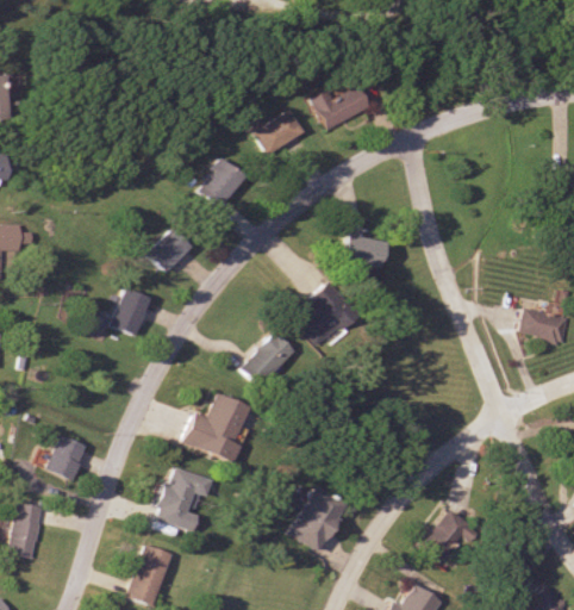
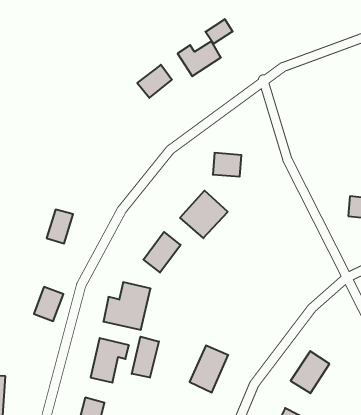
building: none -> [205,19,233,44]
building: [199,155,244,206] -> none
building: [150,230,193,273] -> none
building: [48,435,89,481] -> [34,287,63,321]
building: none -> [132,337,159,378]

